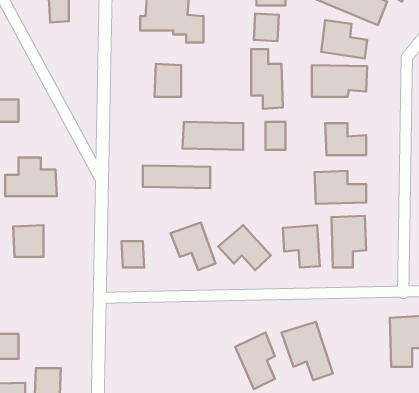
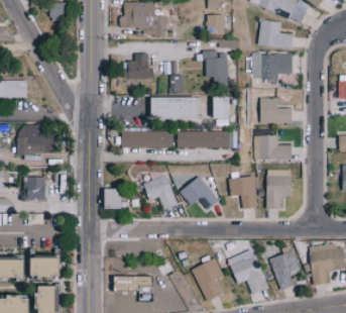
building: none -> [177,130,228,147]
building: none -> [270,251,297,290]
building: none -> [33,256,63,277]
building: none -> [115,276,152,290]

